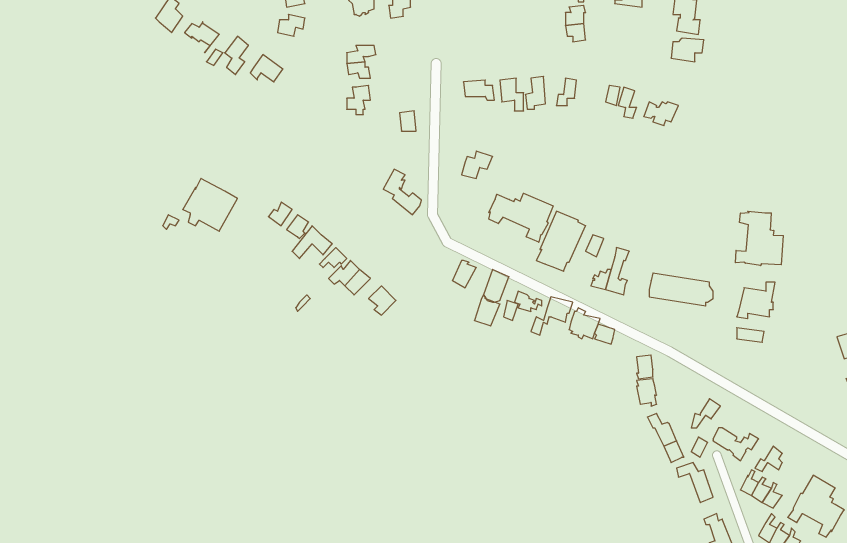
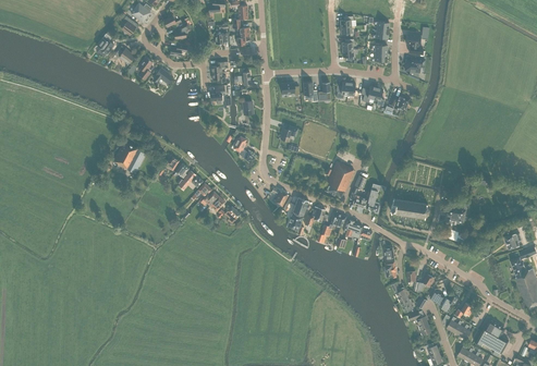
building: [489,193,553,242] -> none
building: [735,211,783,266] -> none

